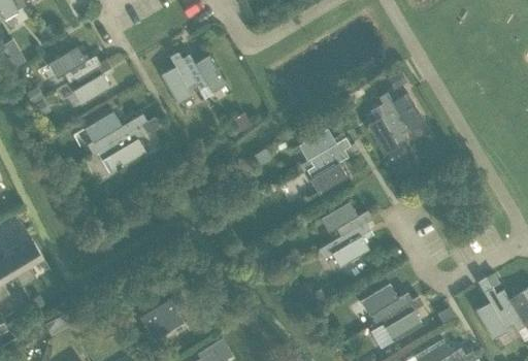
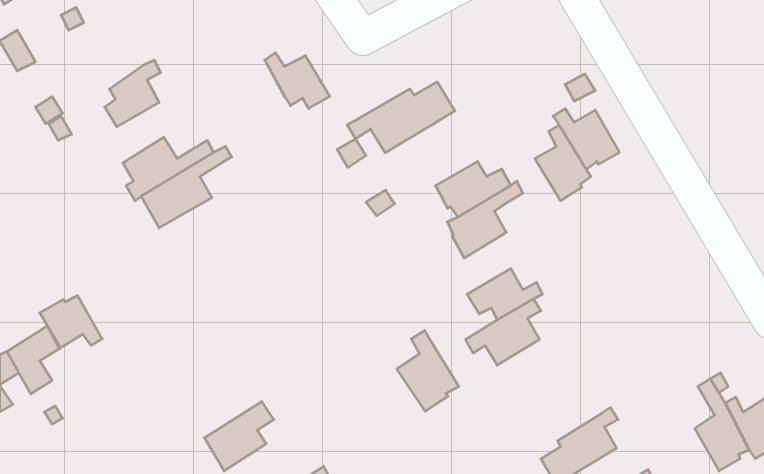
building: [48,46,99,83] -> none
building: [161,52,195,103] -> none
building: none -> [347,82,455,153]
building: none -> [40,296,102,348]
building: none -> [397,330,459,411]
building: [360,284,411,322] -> none

